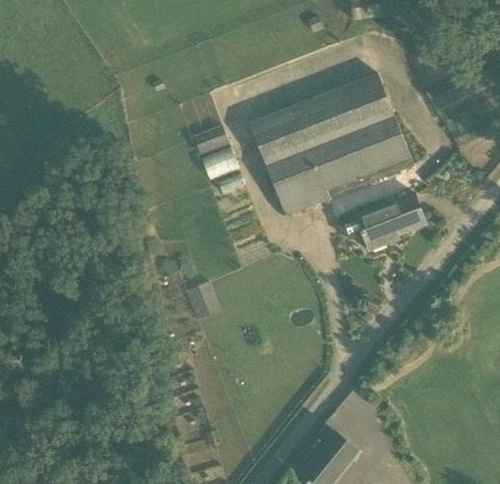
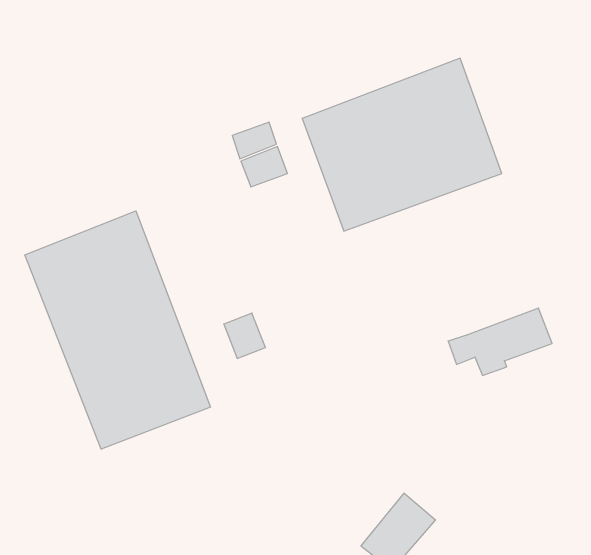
building: [340,194,425,250] -> [448,308,552,375]
building: none -> [25,211,211,449]

